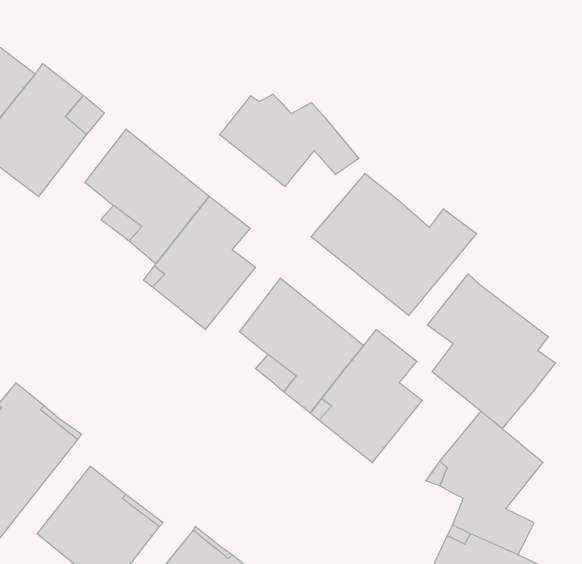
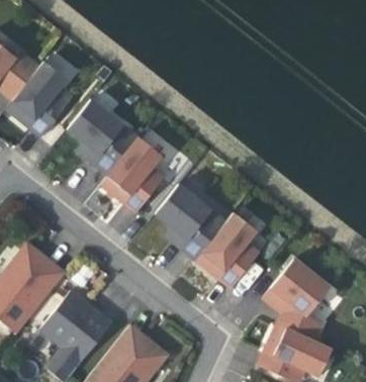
building: [220,94,359,186] -> none
building: [311,173,477,316] -> none
building: [428,274,556,429] -> none

